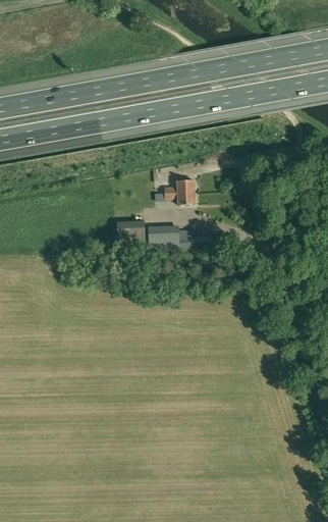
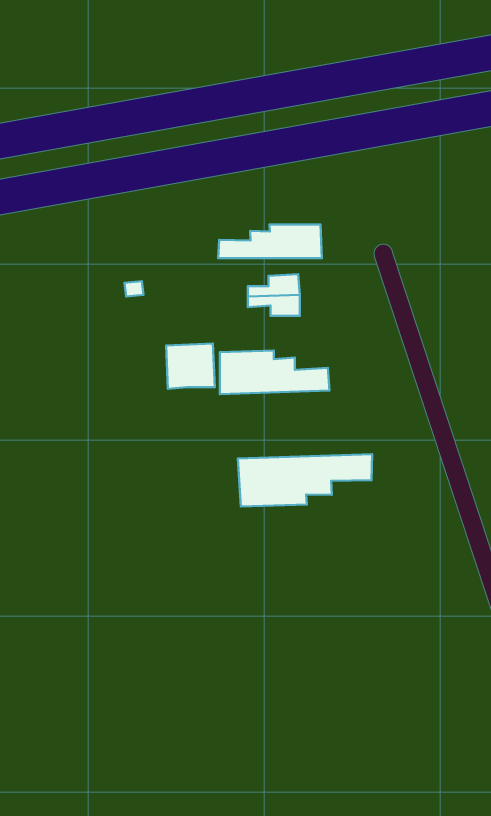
building: none -> [218,225,322,258]
building: none -> [238,454,372,506]

